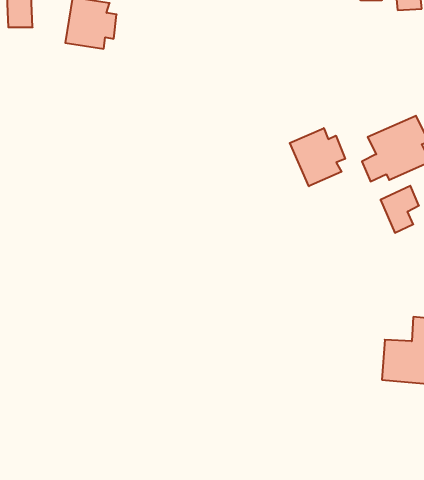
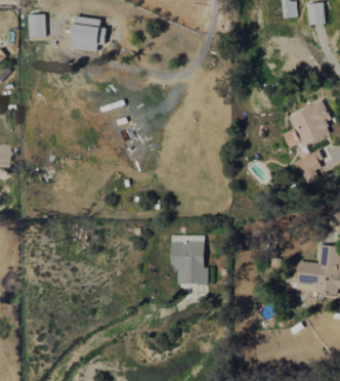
building: [290,128,345,186] -> none
building: none -> [171,236,208,284]

